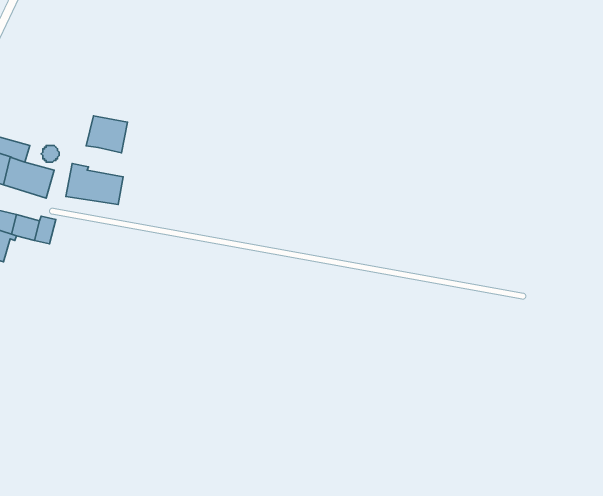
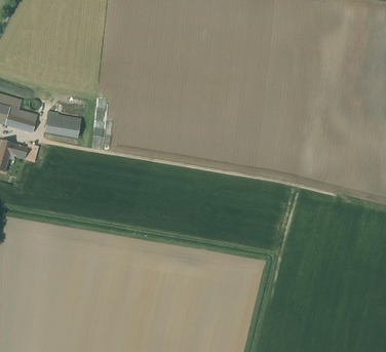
building: [86,116,128,153] -> none

